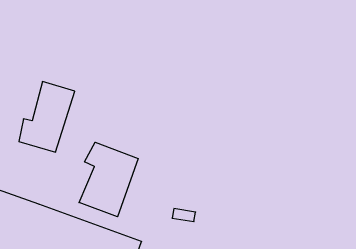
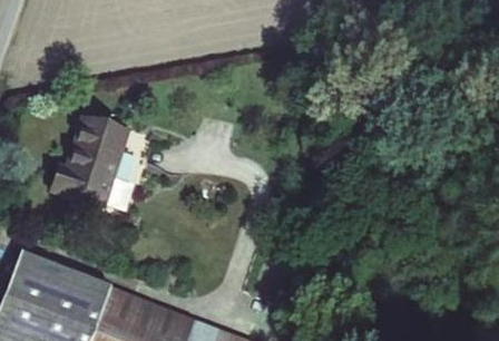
building: [79,142,138,217] -> none

